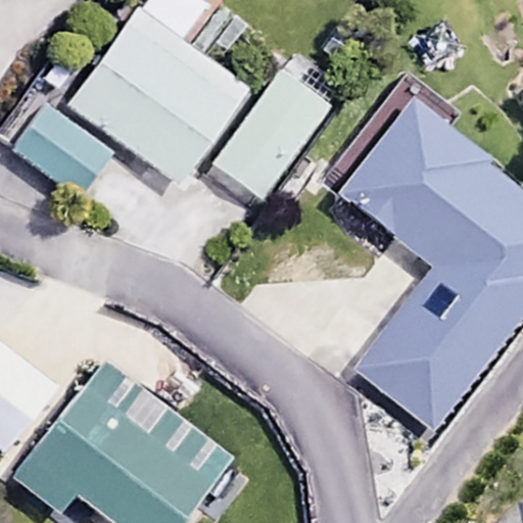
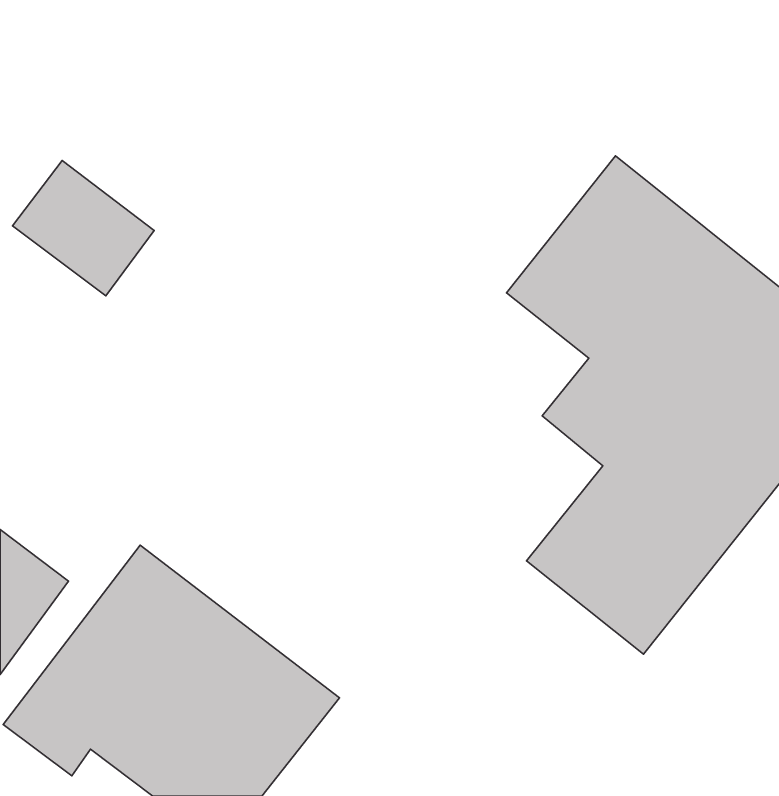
building: [69,7,249,182] -> none
building: [212,70,330,200] -> none

